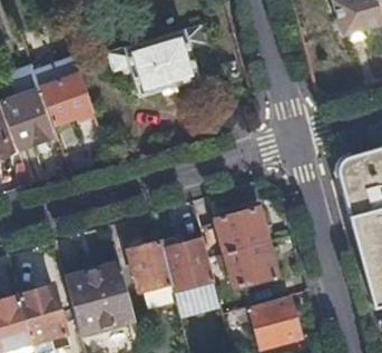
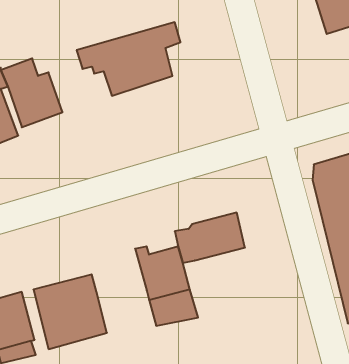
building: [222,239,278,286] -> none
building: [130,241,176,290] -> none
building: [247,294,301,344] -> none

